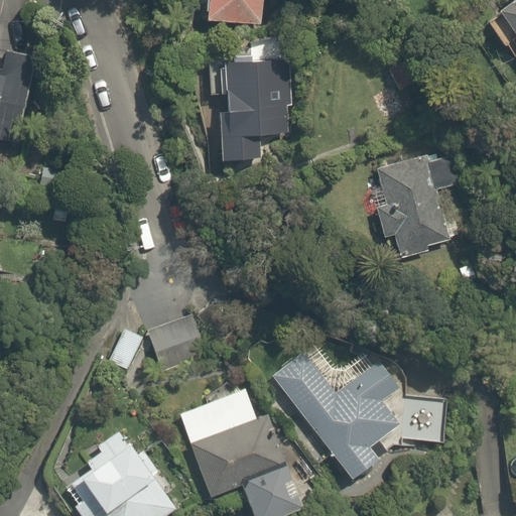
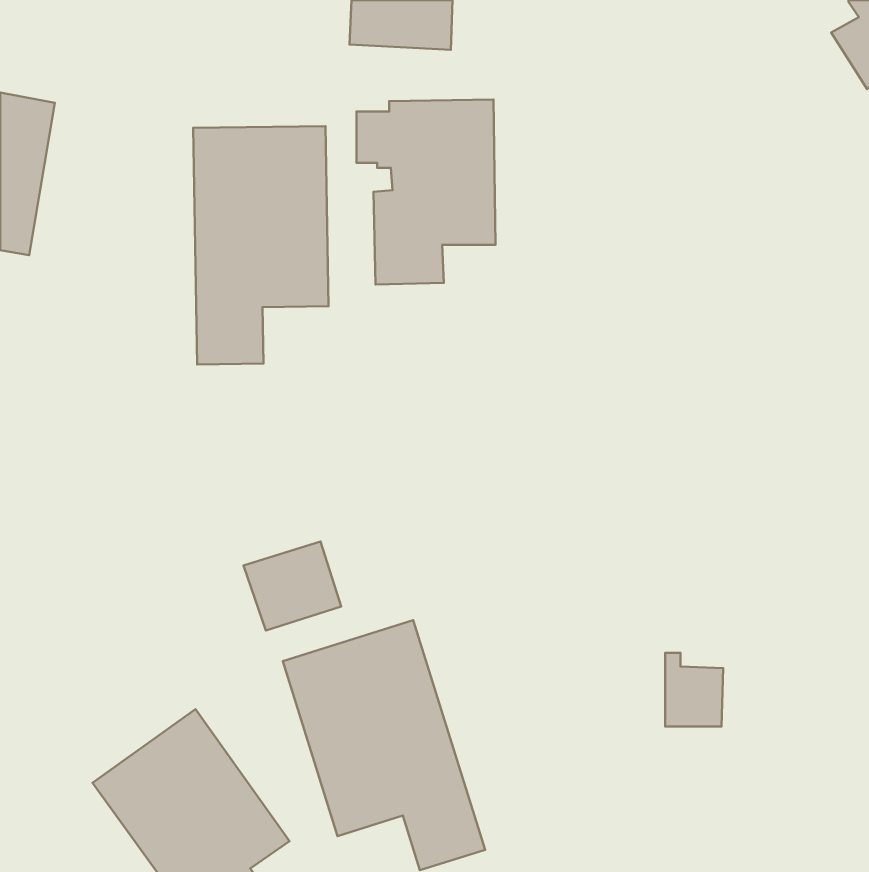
building: none -> [193,126,329,365]
building: [373,155,464,253] -> none
building: [266,343,392,469] -> none

